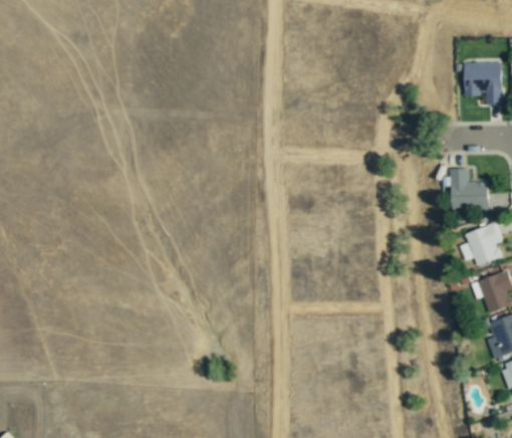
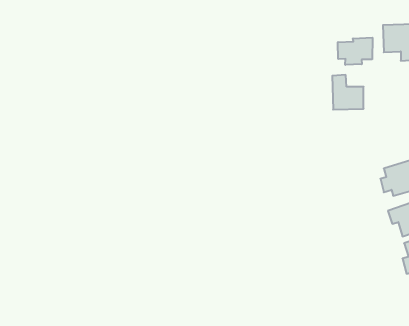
building: none -> [338,38,372,65]
building: [452,168,489,209] -> [332,75,364,110]

